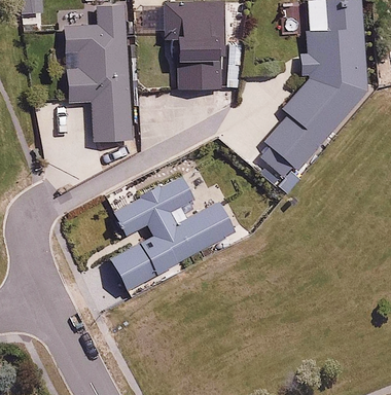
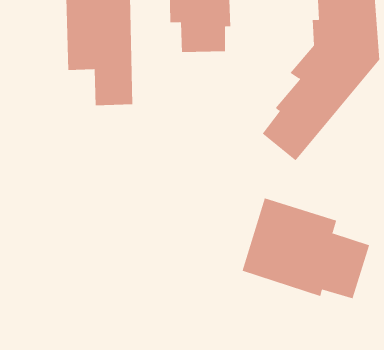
building: [110,175,238,290] -> none
building: none -> [242,198,370,299]

